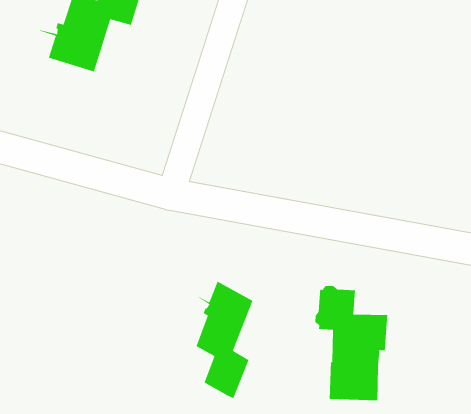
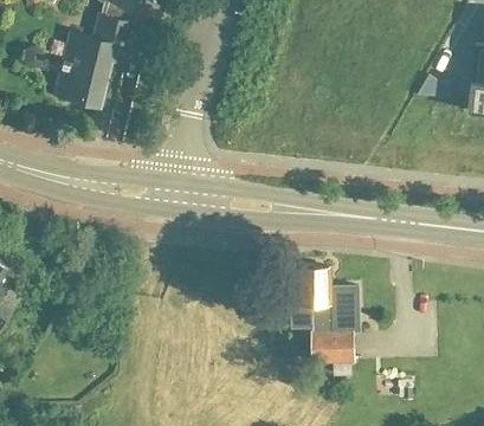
building: [195,280,254,399] -> none

